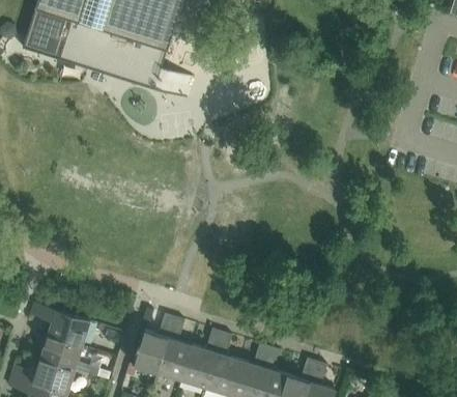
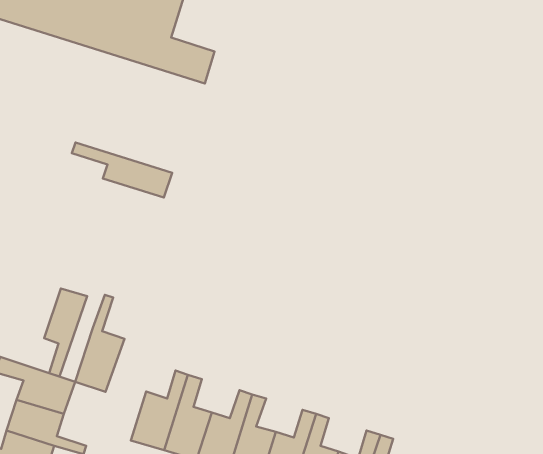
building: none -> [72,143,172,197]
building: none -> [44,288,87,377]
building: none -> [75,295,124,392]

